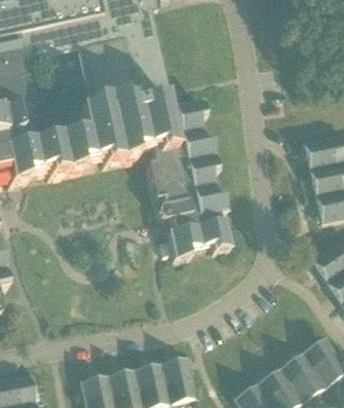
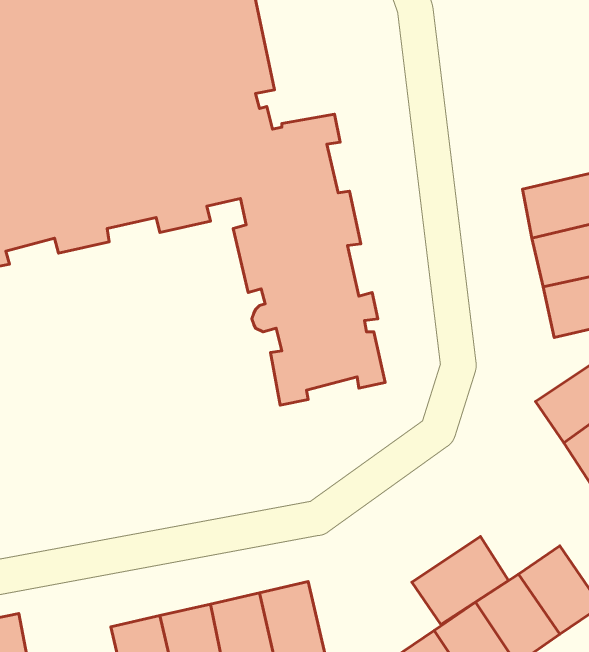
building: none -> [412,536,509,625]

